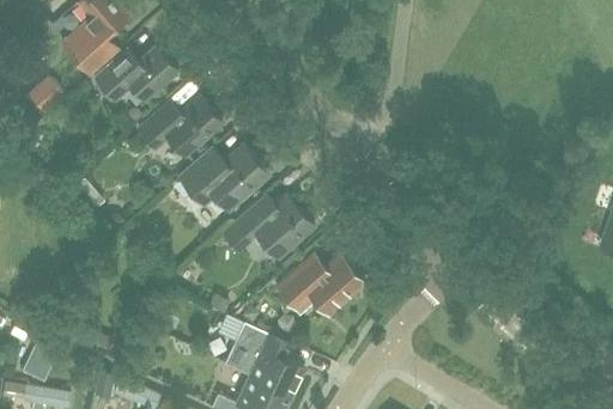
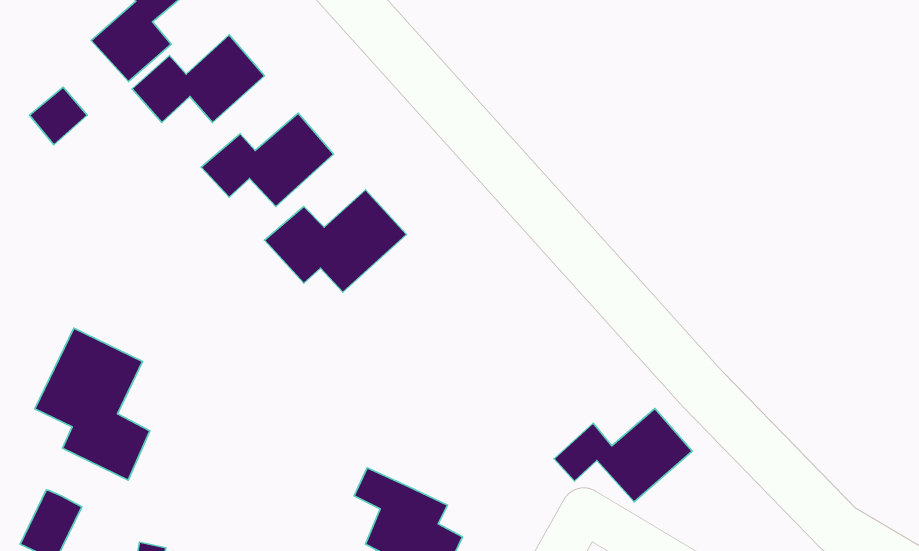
building: [221,194,314,257] -> none
building: none -> [35,328,150,480]
building: [275,255,364,315] -> [554,408,692,502]

